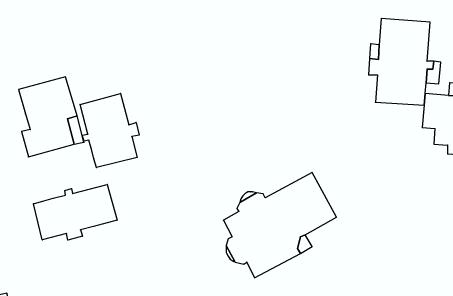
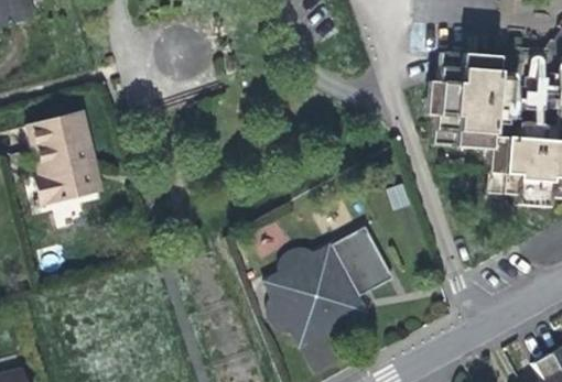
building: [80,93,139,168] -> none
building: [33,184,117,240] -> none

